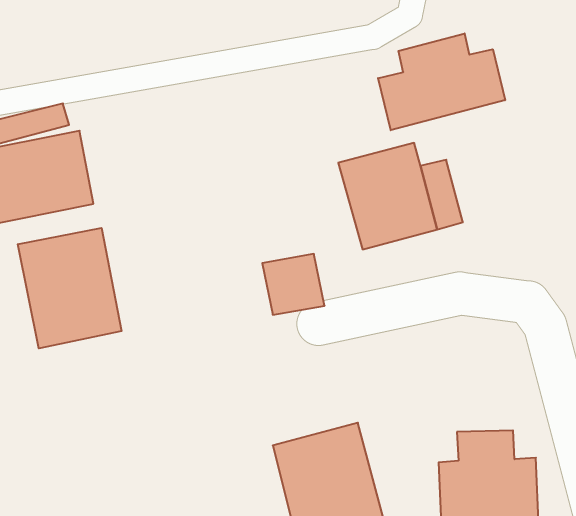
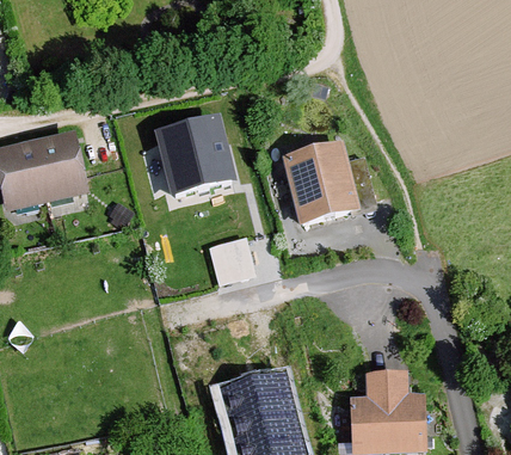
building: [378,33,505,130] -> none
building: none -> [153,109,239,201]
building: [18,228,122,348] -> none

